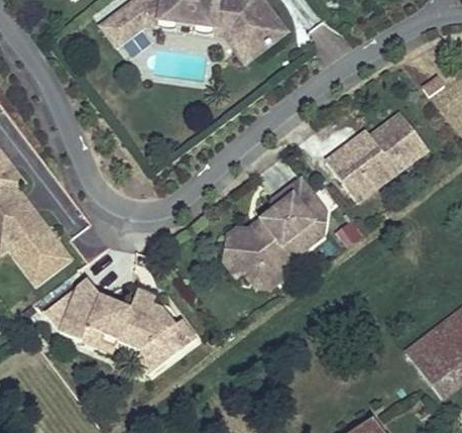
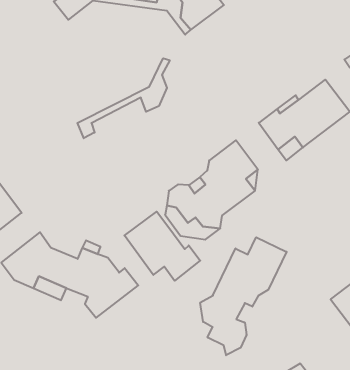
building: none -> [77,58,170,138]
building: none -> [124,212,200,281]
building: none -> [200,237,287,355]

